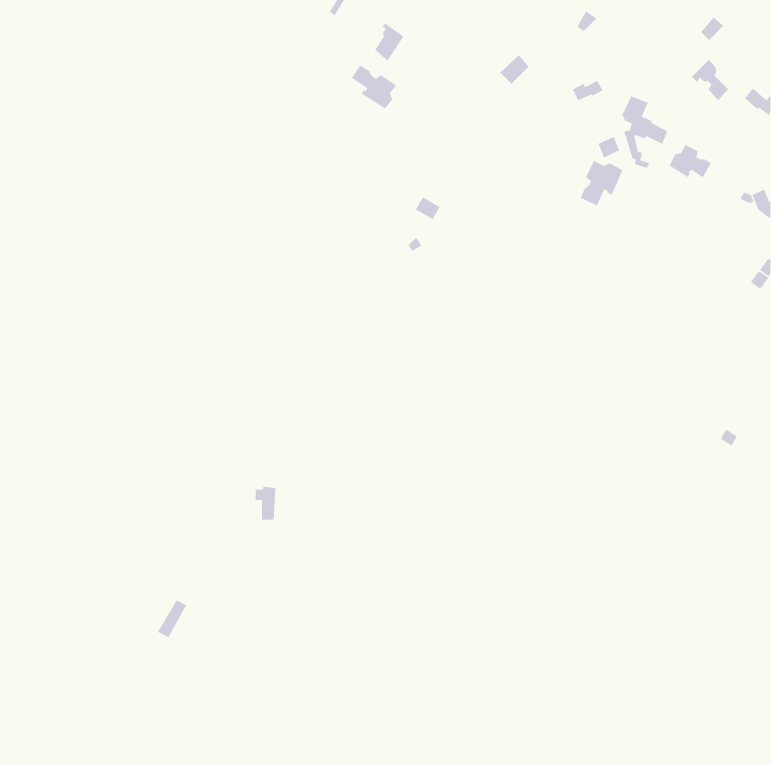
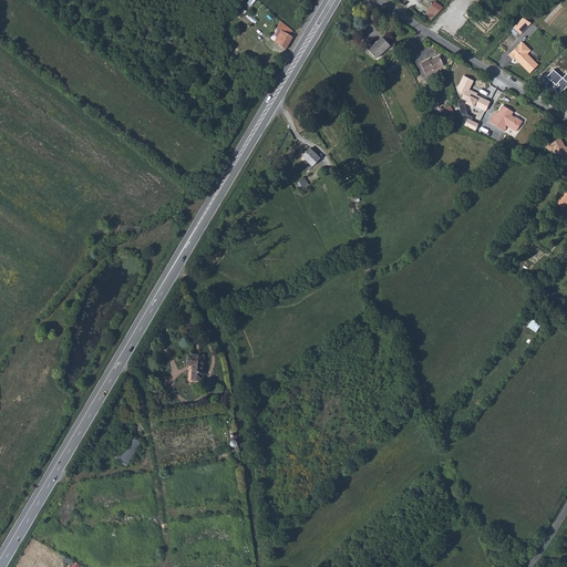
building: [351,64,397,110] -> none
building: [579,160,624,207] -> none

